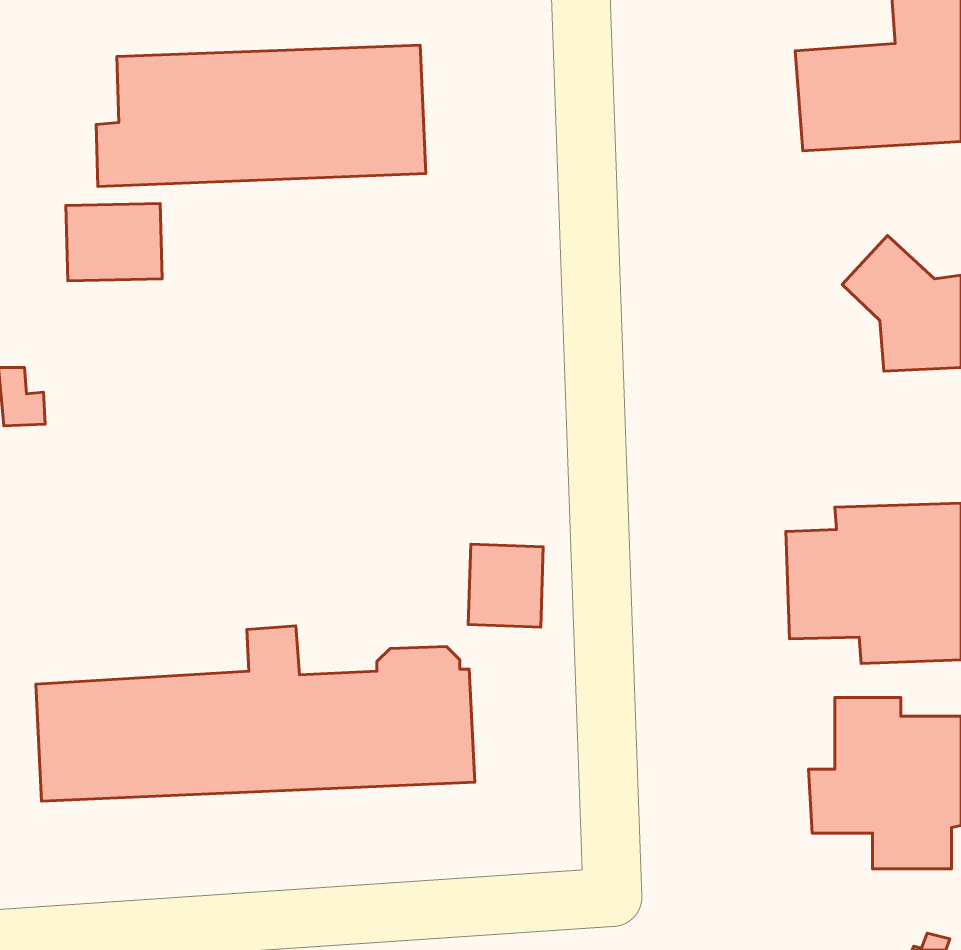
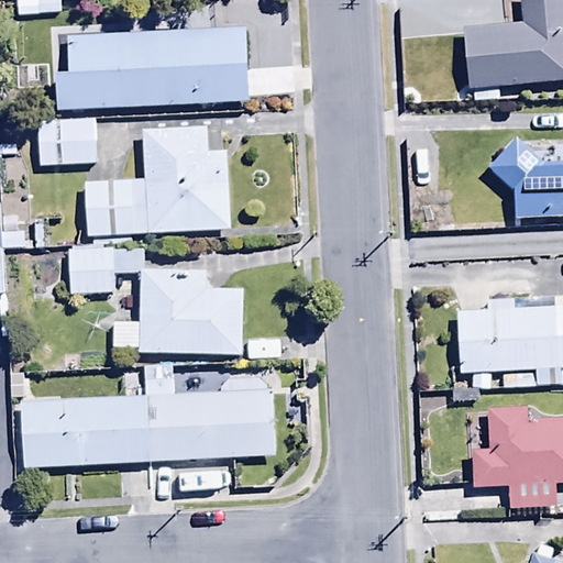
building: none -> [84,126,231,243]
building: none -> [69,247,245,356]
building: [468,544,543,627] -> none

